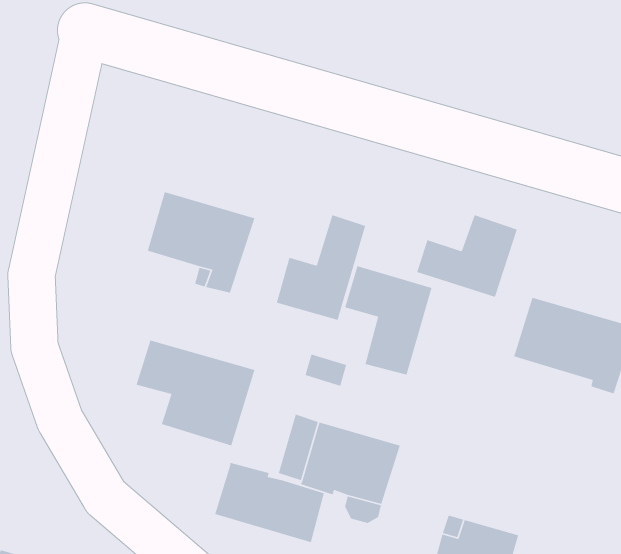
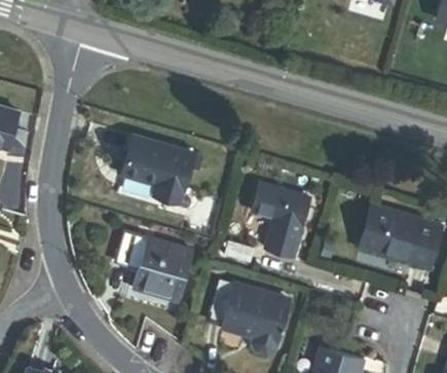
building: [416,214,518,298] -> none
building: [276,214,366,321] -> none
building: [214,462,325,543] -> none

